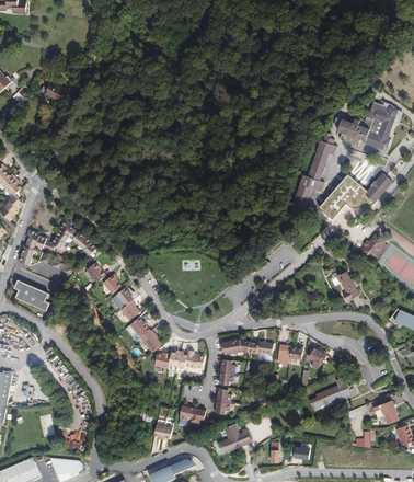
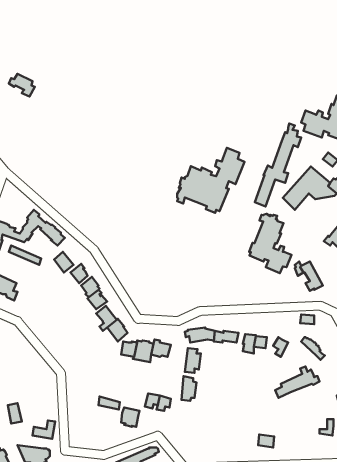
building: none -> [177,148,245,213]
building: none -> [249,214,291,273]
building: [218,424,251,455] -> none

